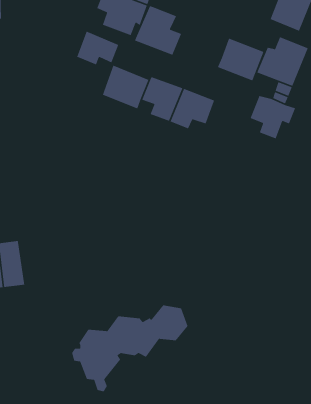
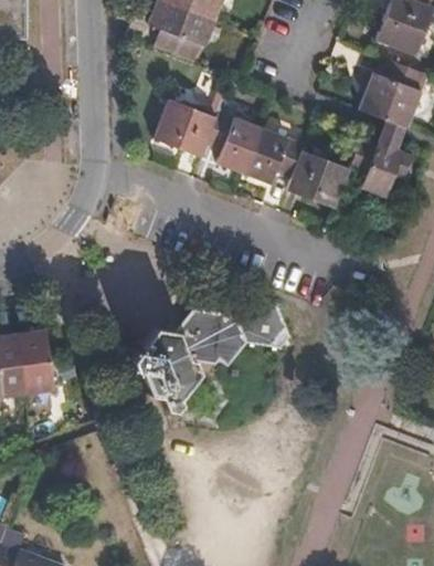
building: [134,5,182,56] -> none
building: [76,31,119,66] -> none
building: [217,37,264,82] -> [286,150,349,209]
building: [71,305,189,392] -> [130,297,286,413]

